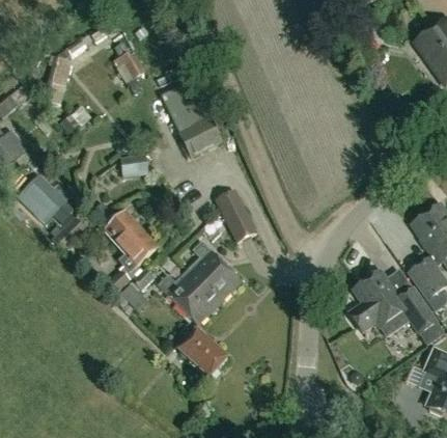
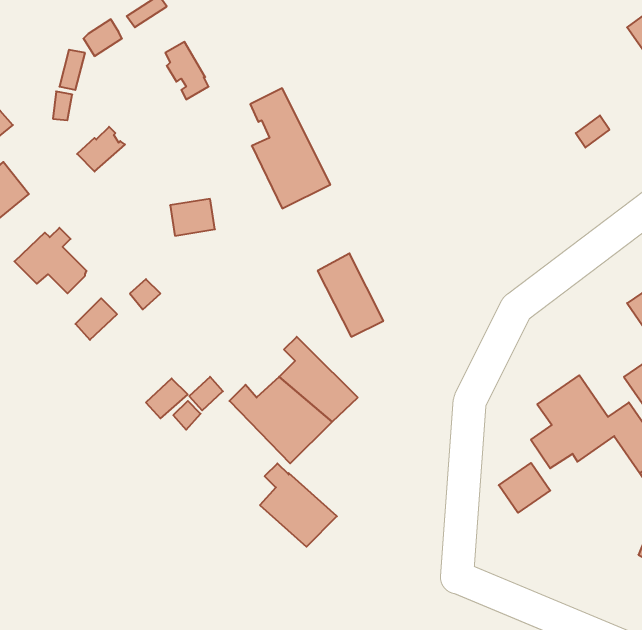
building: [105,212,155,271] -> none
building: none -> [499,463,550,513]

